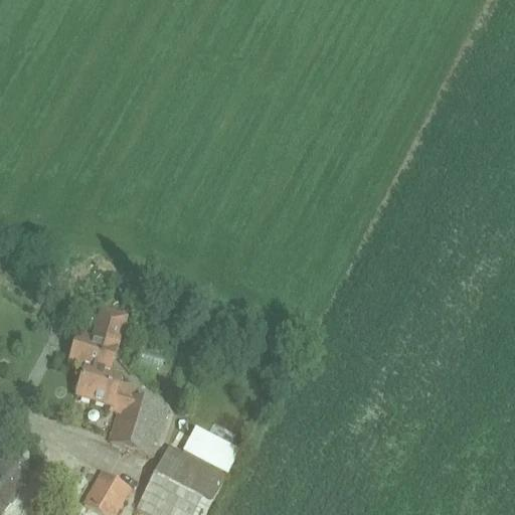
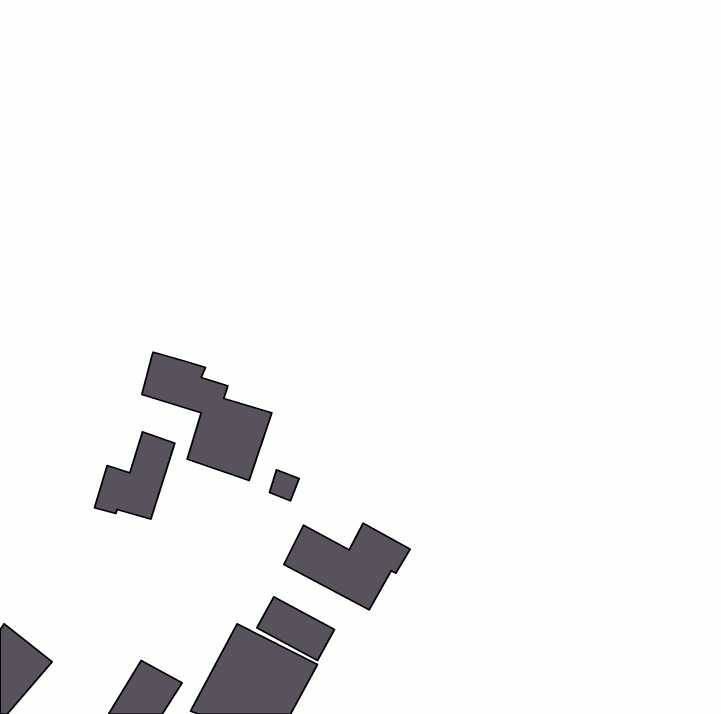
building: [75,363,168,455] -> [142,352,272,480]
building: none -> [284,523,410,610]

